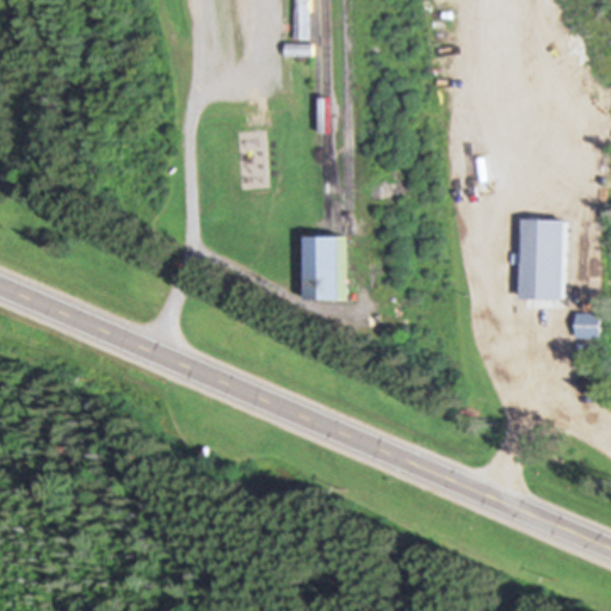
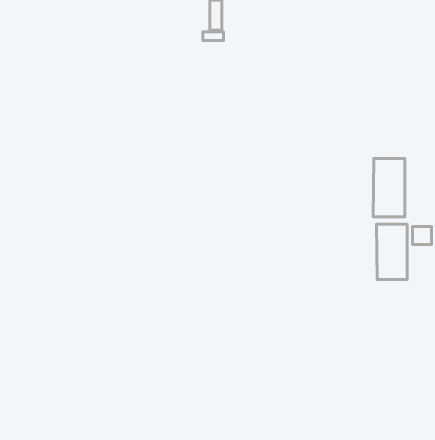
building: [303,235,342,300] -> none
building: none -> [376,224,407,279]

